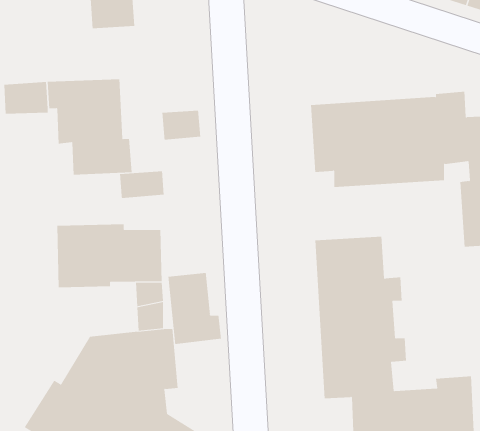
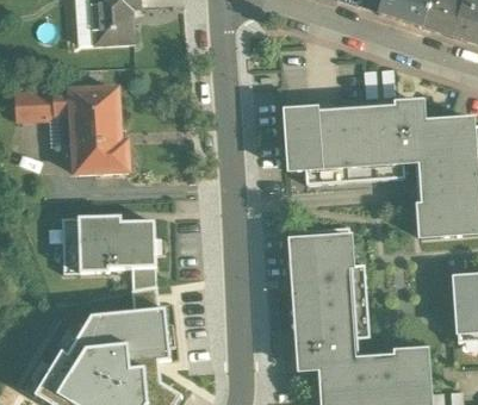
building: [162,110,201,141] -> none
building: [119,171,164,199] -> none
building: [168,272,222,345] -> none

